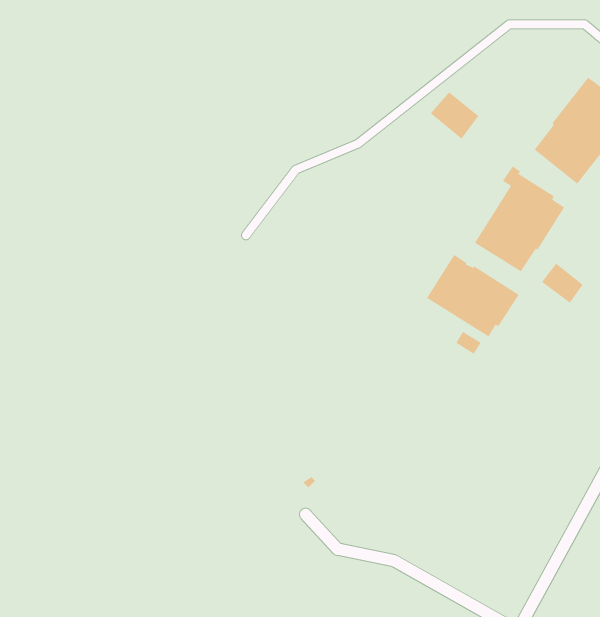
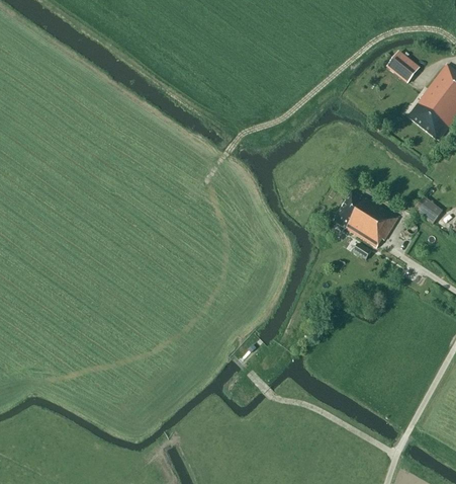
building: [430,91,479,139] -> [386,51,421,84]
building: [474,166,565,272] -> none

